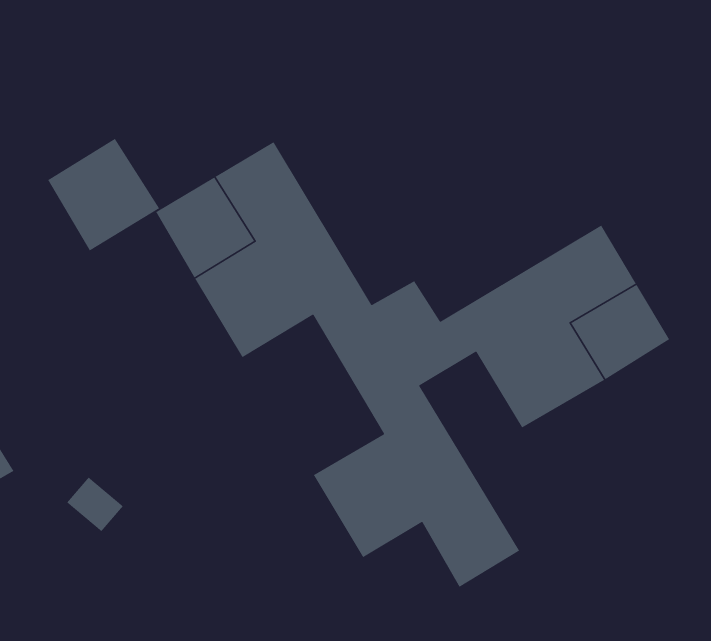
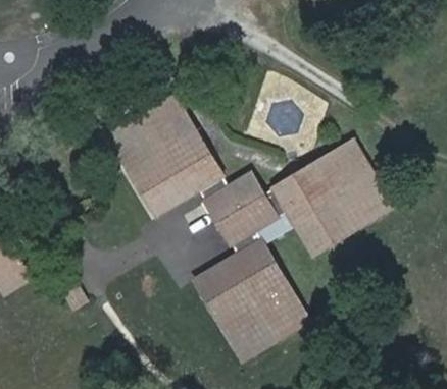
building: [47,138,160,252] -> none
building: none -> [222,304,276,358]

